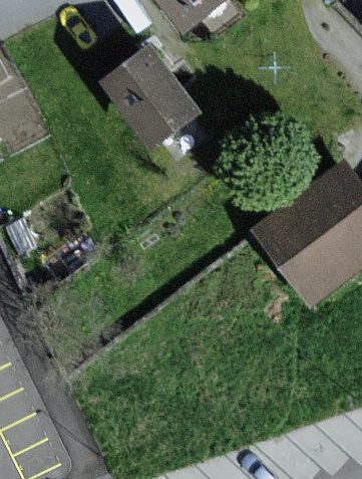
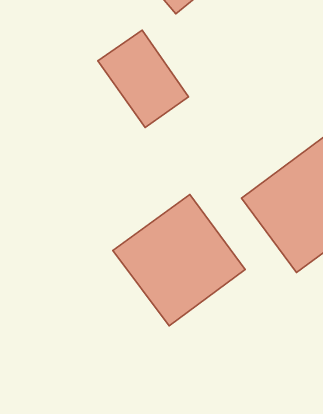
building: none -> [113,195,245,326]

